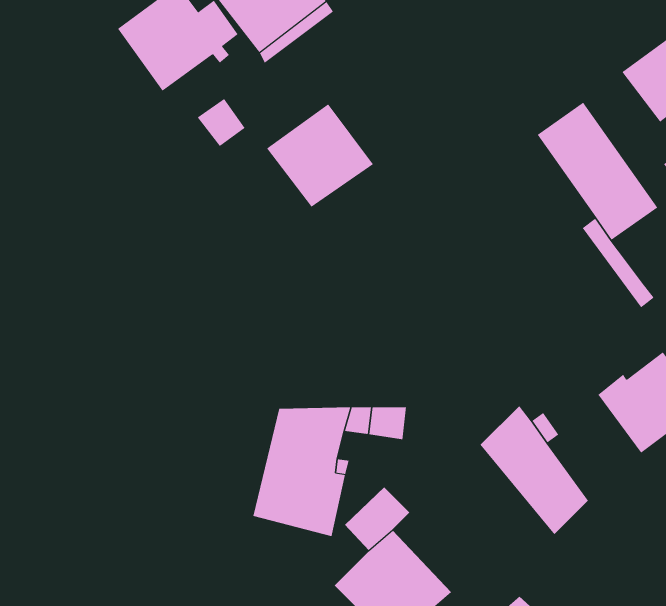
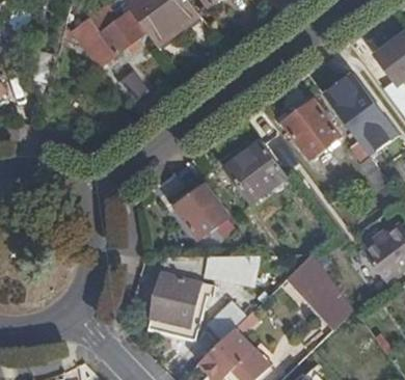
building: [266,104,374,208] -> [223,140,288,202]
building: none -> [282,101,340,159]
building: none -> [173,185,227,239]

